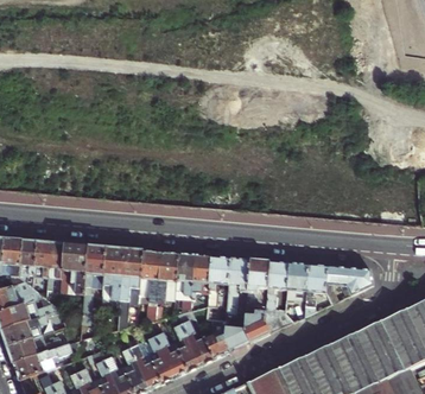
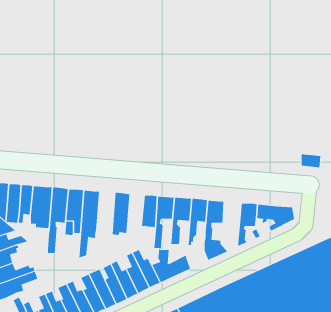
building: [138,252,159,323] -> none
building: [173,255,194,314] -> none
building: [284,263,307,323] -> none
building: [243,312,268,343] -> none

